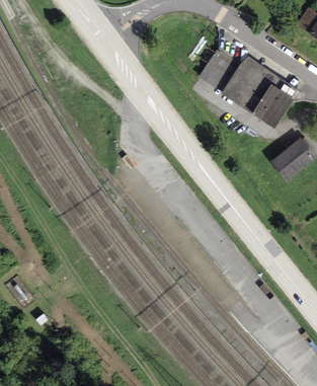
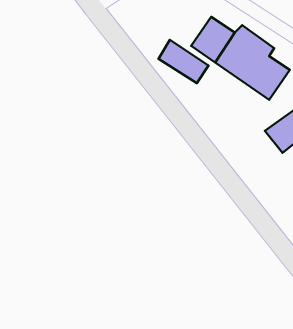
building: none -> [159,40,209,83]

